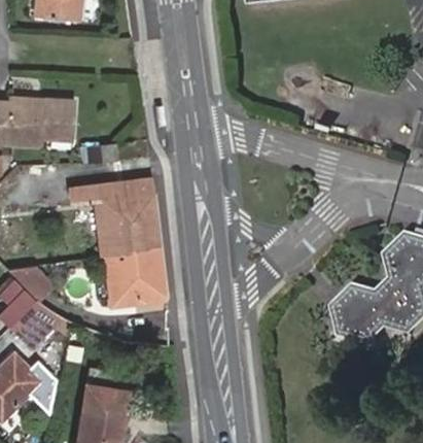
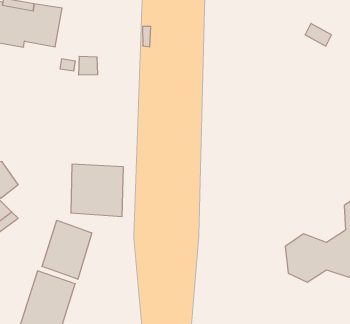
building: [69,180,161,254] -> none
building: none -> [42,220,92,279]

